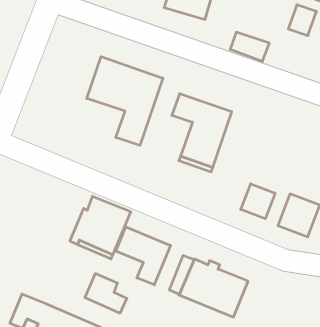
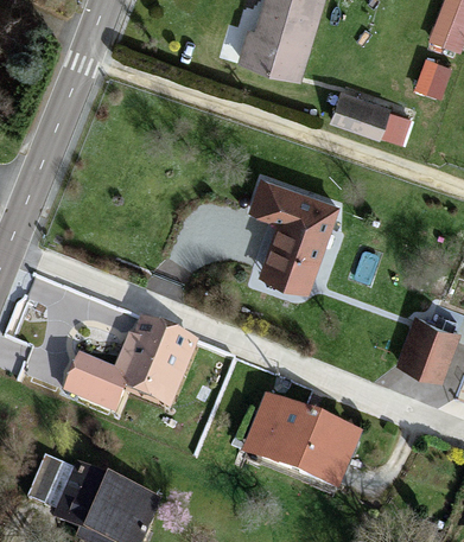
building: [87,57,163,145] -> none
building: [241,184,275,219] -> none
building: [116,227,171,285] -> none
building: [85,274,127,313] -> [64,357,122,412]

